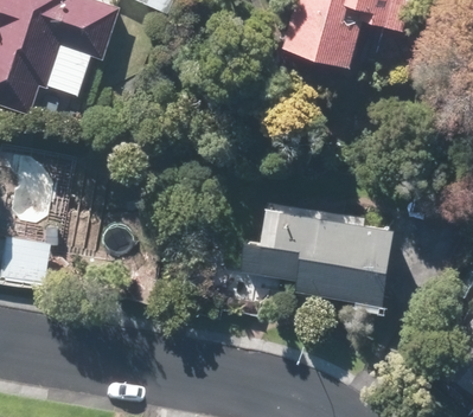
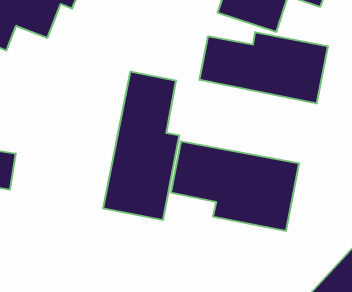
building: none -> [199,32,328,104]
building: none -> [103,71,179,220]

